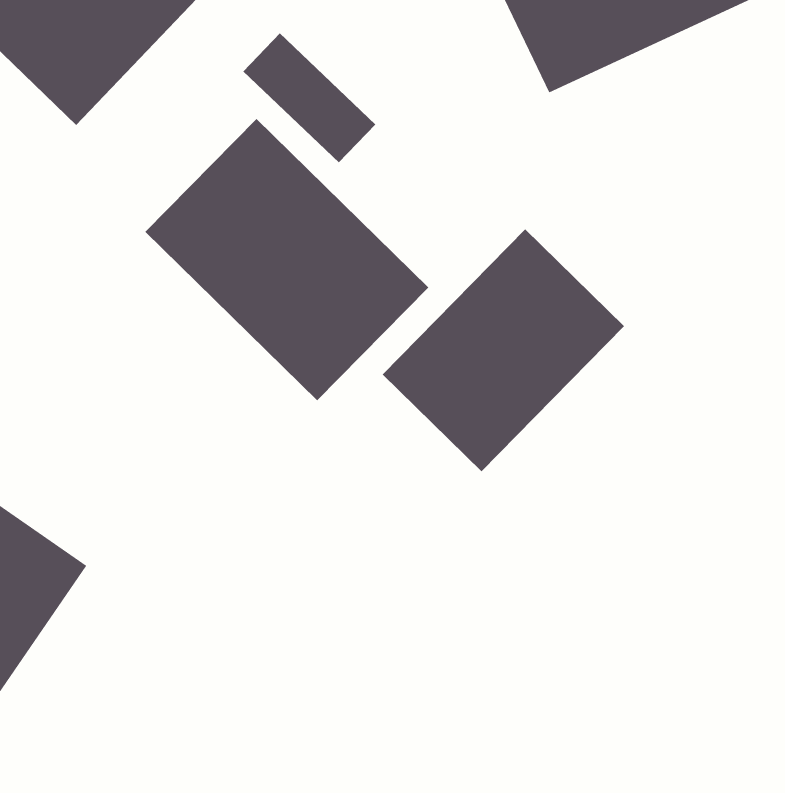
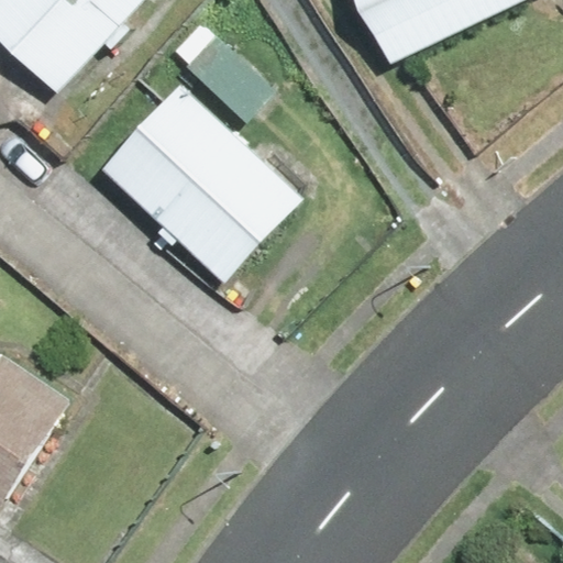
building: [382,229,625,472] -> none

